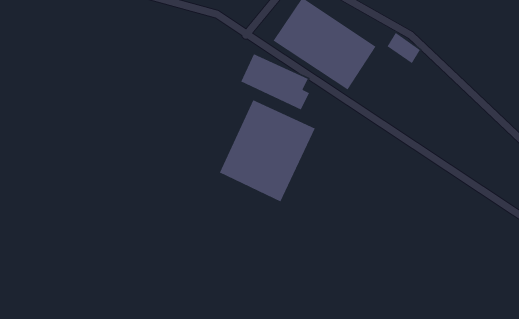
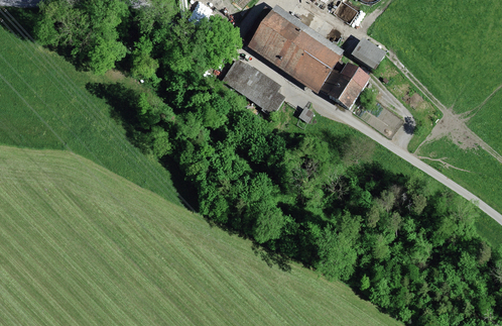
building: none -> [321,65,369,110]
building: [219,99,316,203] -> none

